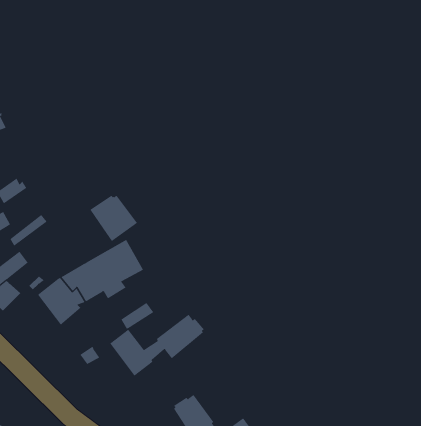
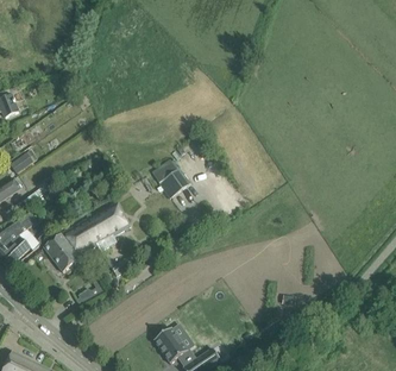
building: [89,195,138,242] -> [151,159,190,197]
building: [110,314,205,376] -> none

